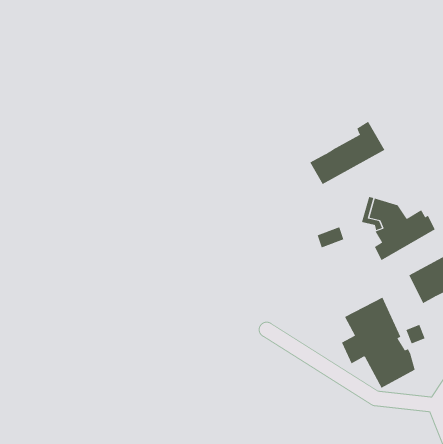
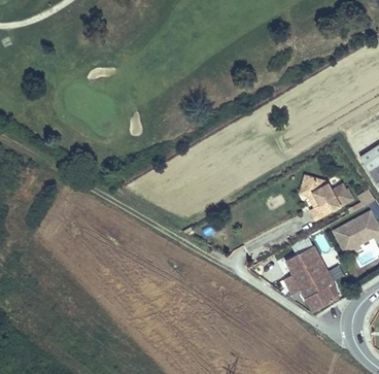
building: [309,121,385,185] -> none

